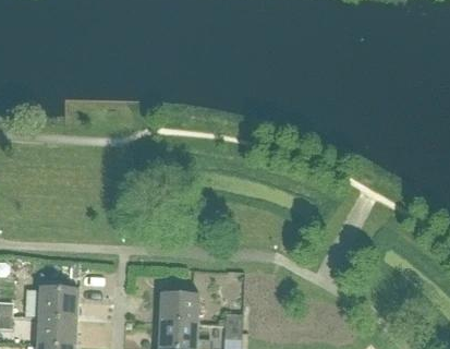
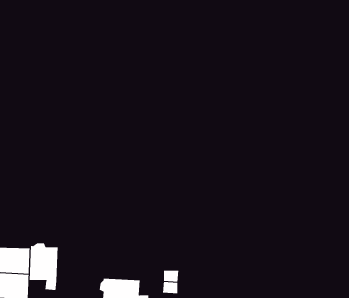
building: none -> [29,243,58,291]
building: [158,293,200,324] -> none

